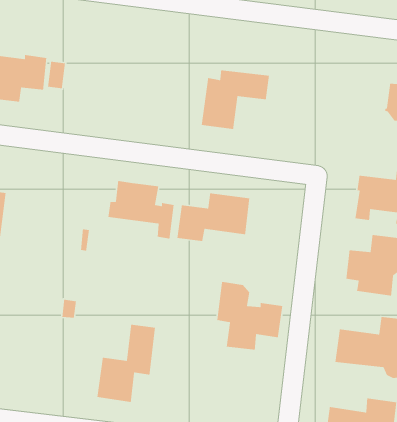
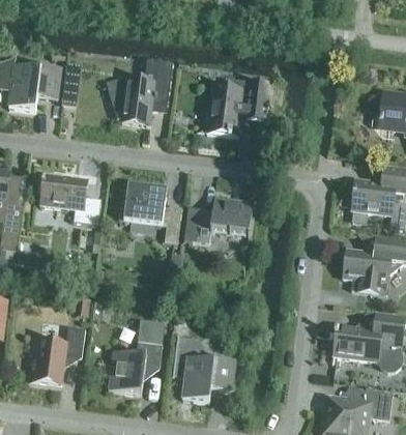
building: none -> [107,59,173,124]
building: none -> [40,173,102,224]
building: [216,280,283,350] -> [172,336,235,402]
building: none -> [28,325,85,383]

